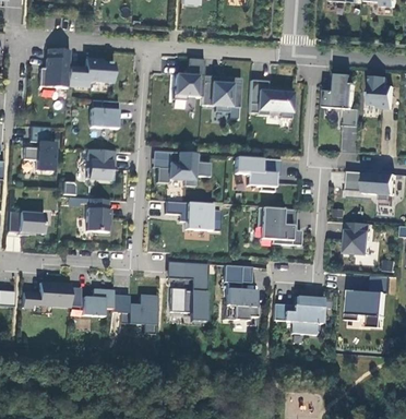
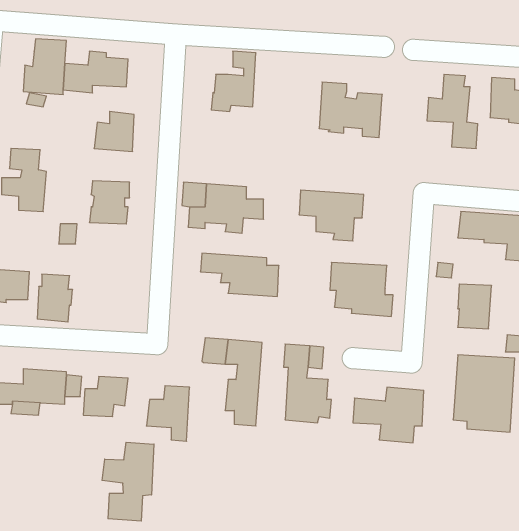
building: [202,75,241,112] -> none
building: [86,199,111,232] -> [37,274,73,322]
building: none -> [102,442,154,521]

